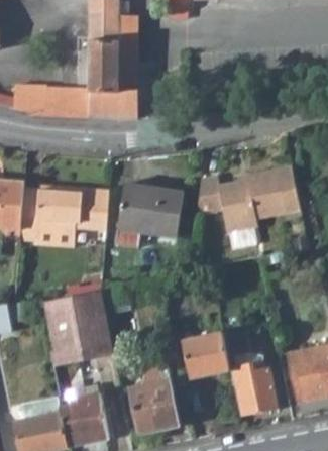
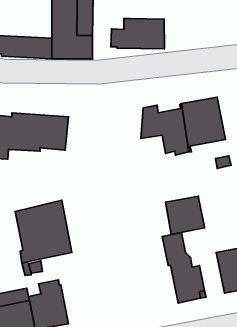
building: none -> [111,18,164,49]
building: [118,184,184,246] -> none
building: [182,332,229,378] -> [165,196,204,234]
building: [129,355,178,434] -> none

